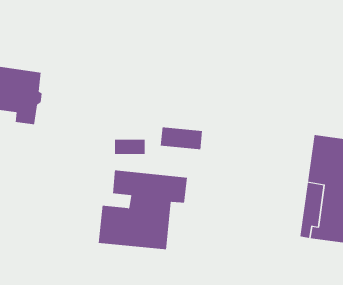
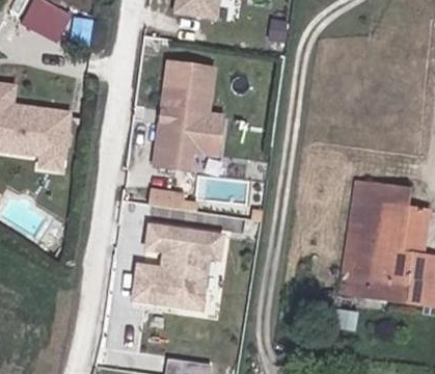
building: none -> [149,62,217,169]

